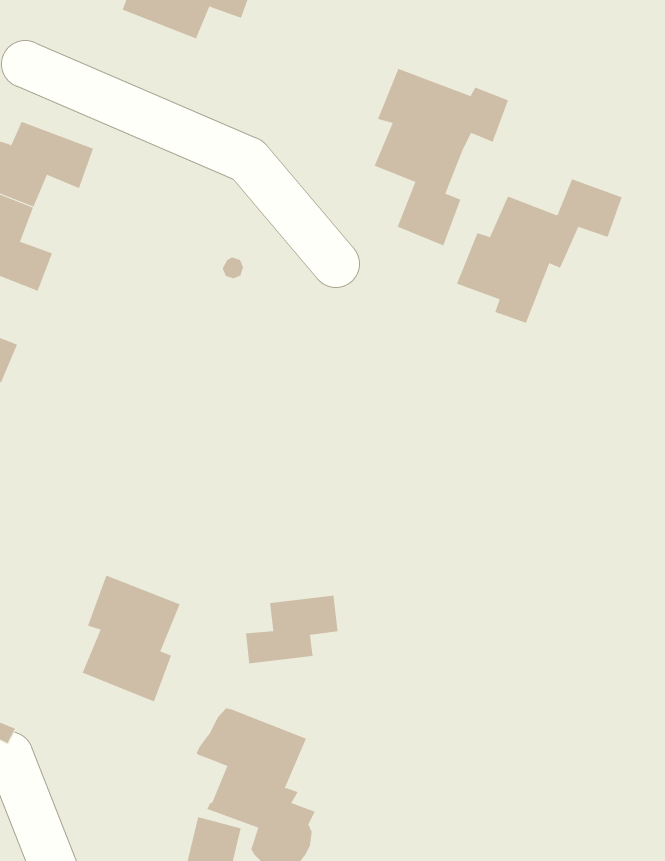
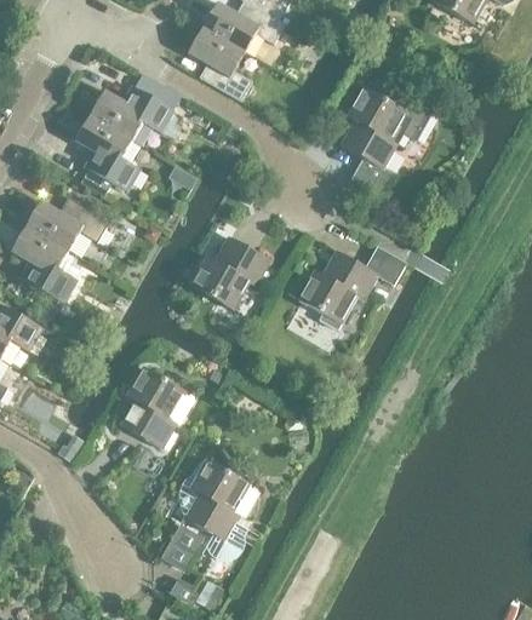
building: none -> [187,28,251,101]
building: [456,178,622,324] -> [297,246,405,329]
building: none -> [189,236,269,309]
building: [246,595,338,664] -> none

